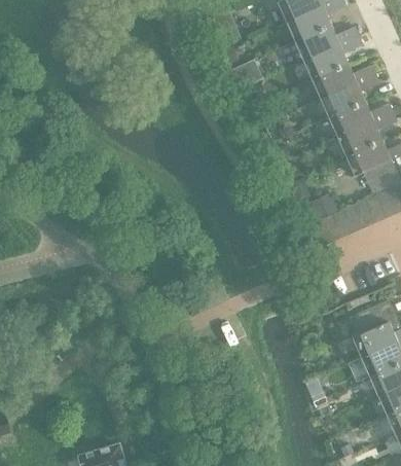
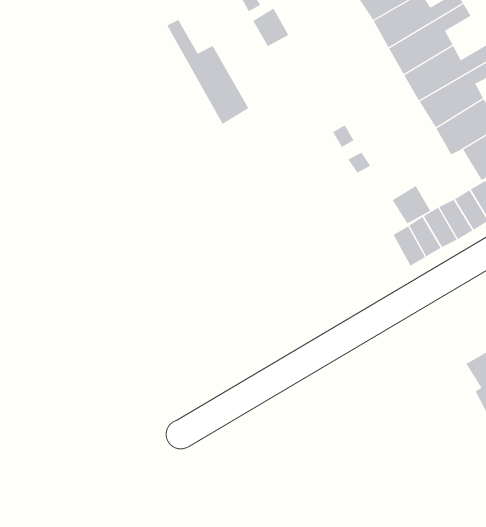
building: none -> [167,19,249,125]

